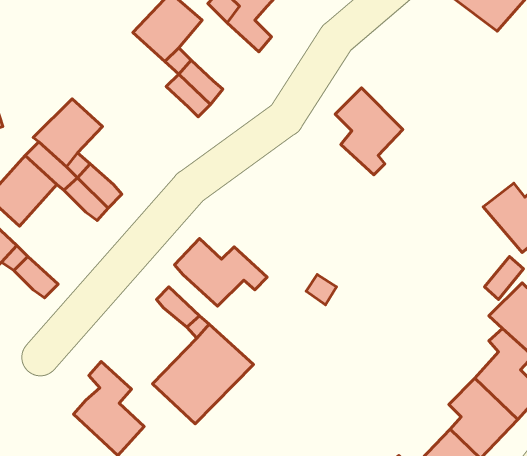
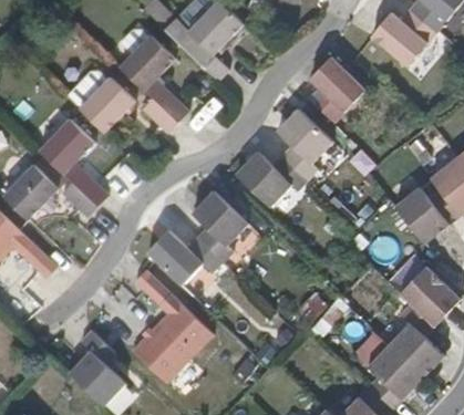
building: none -> [309,58,364,122]
building: none -> [76,75,132,131]
building: none -> [237,152,309,206]
building: none -> [193,190,249,261]

